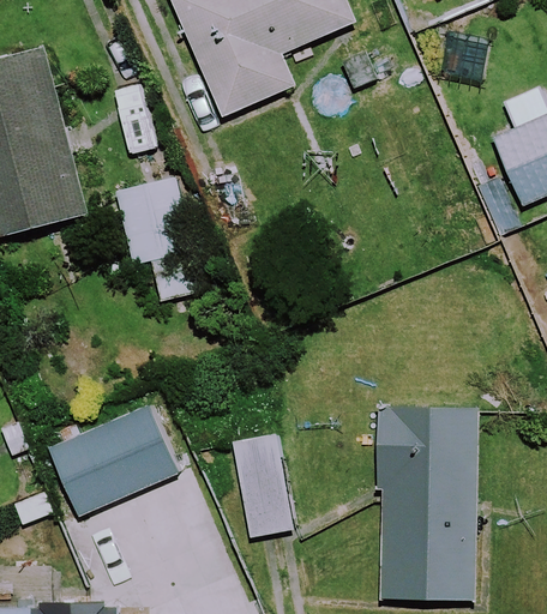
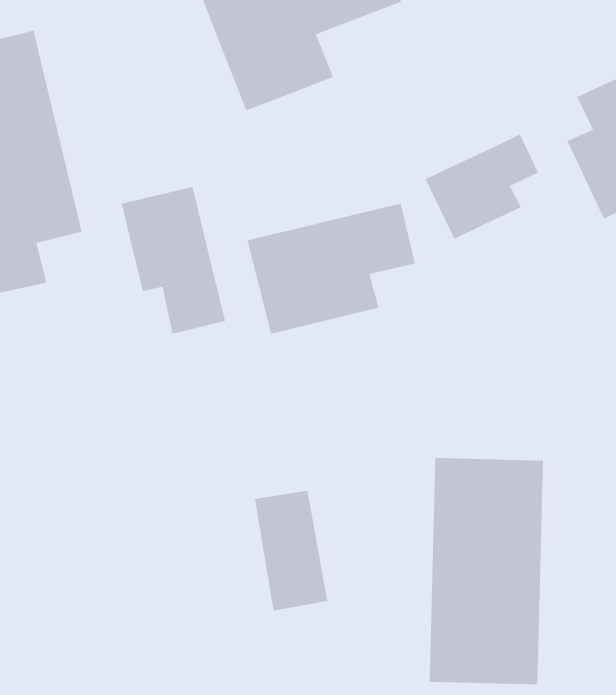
building: none -> [425,134,539,239]
building: none -> [247,203,416,334]
building: [44,404,176,518] -> none

